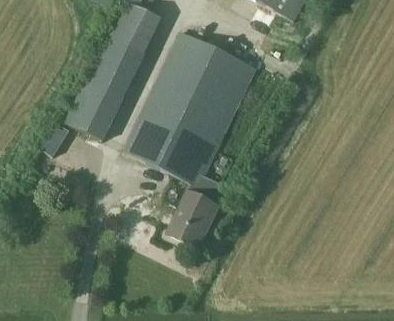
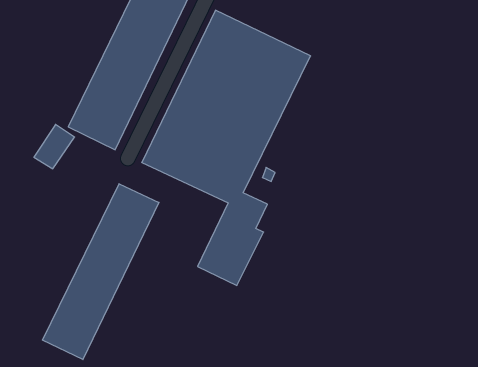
building: none -> [42,184,159,360]

